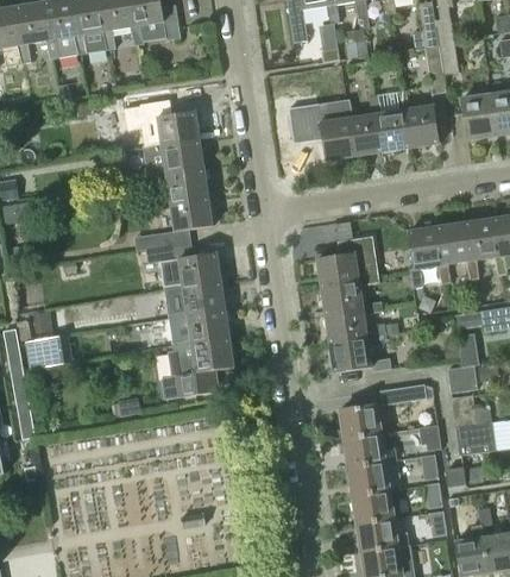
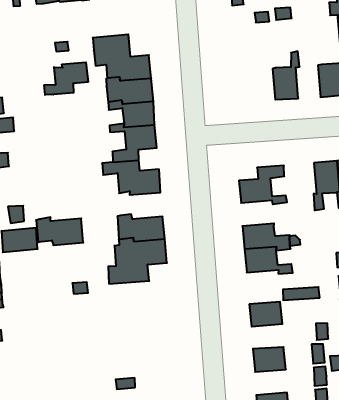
building: [377,90,410,152] -> none
building: [303,99,354,161] -> none
building: none -> [44,62,88,95]
building: [164,281,225,316] -> [36,217,83,245]
building: [321,281,382,315] -> none
building: [345,433,386,466] -> none
building: [353,489,395,523] -> none

